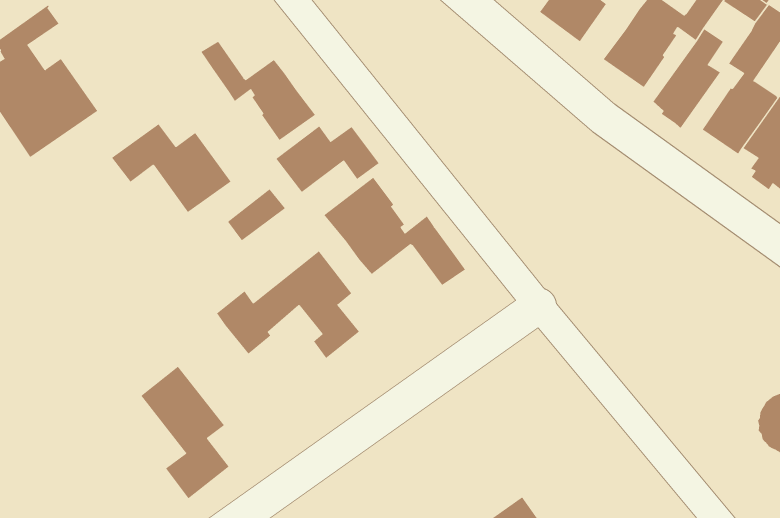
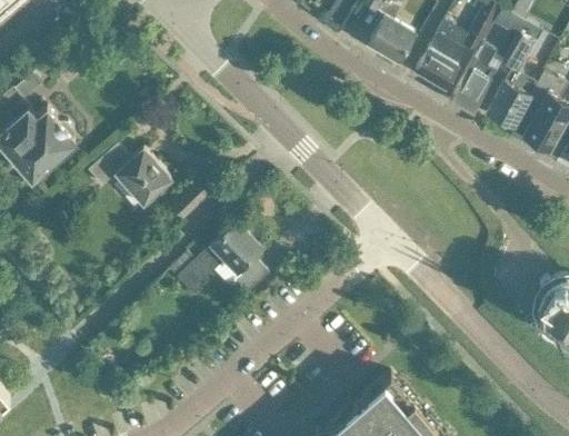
building: [200,41,316,141] -> none
building: [275,126,380,193] -> none
building: [324,177,466,286] -> none
building: [140,366,229,499] -> none

